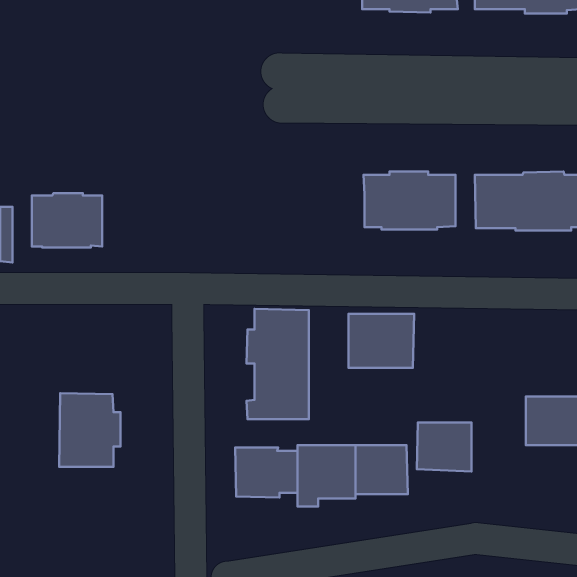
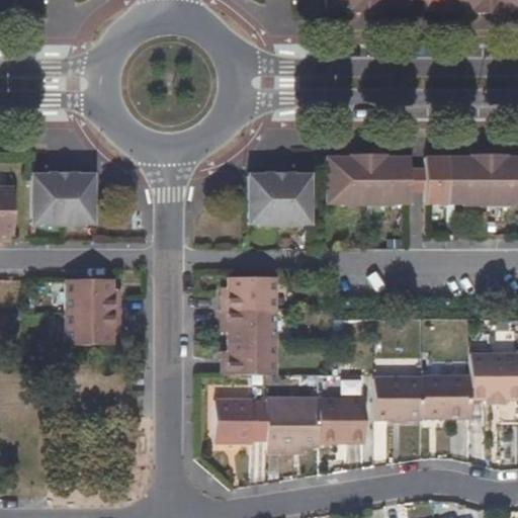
building: none -> [249,171,312,225]
building: [348,314,414,368] -> none
building: [59,393,120,467] -> [65,278,119,344]
building: none -> [423,375,471,417]

